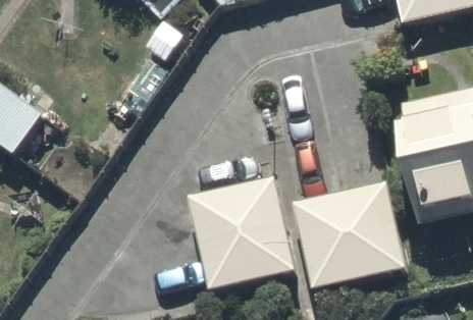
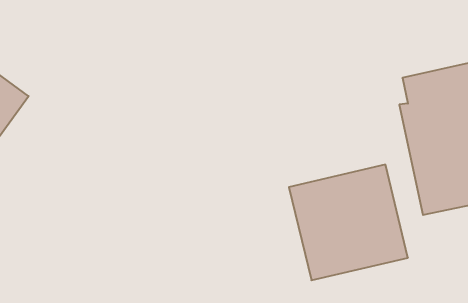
building: [189,175,291,291] -> none

